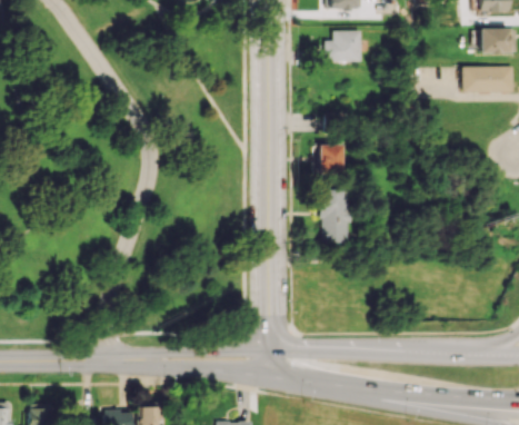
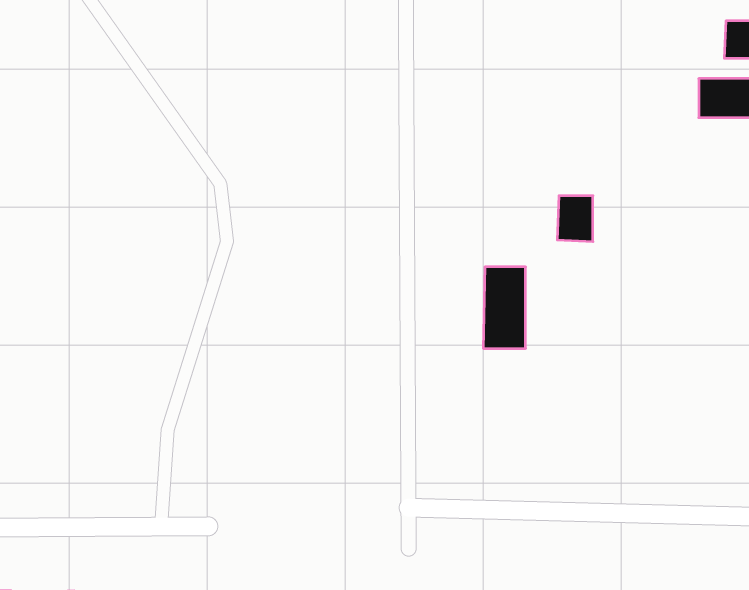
building: [325,30,362,62] -> none
building: [319,145,342,175] -> [557,196,593,242]

